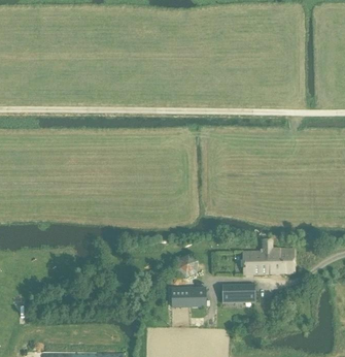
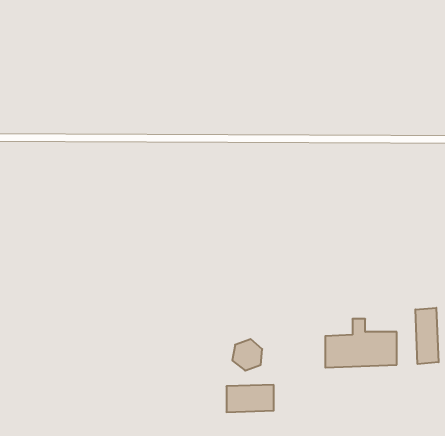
building: none -> [415,308,439,364]
building: [221,284,254,301] -> none

